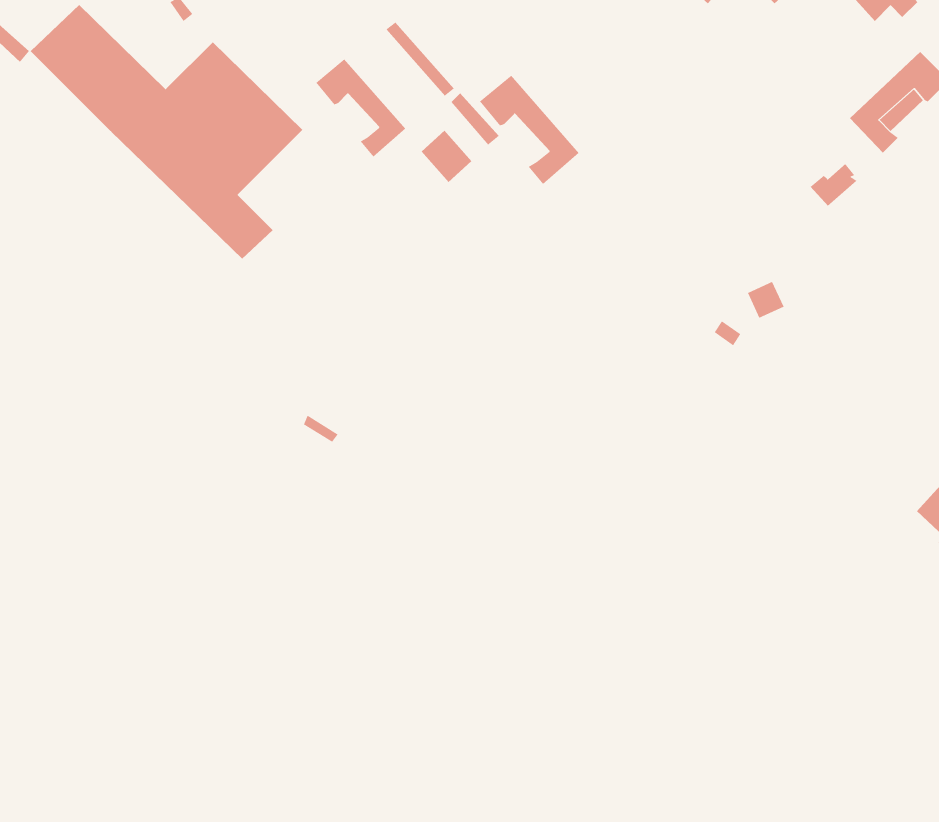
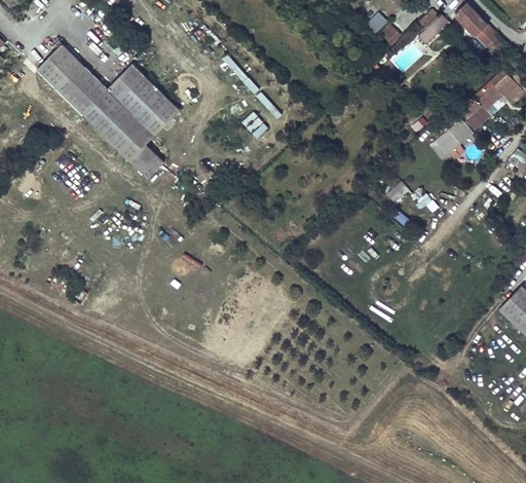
building: [315,59,406,158] -> none
building: [479,75,579,185] -> none

